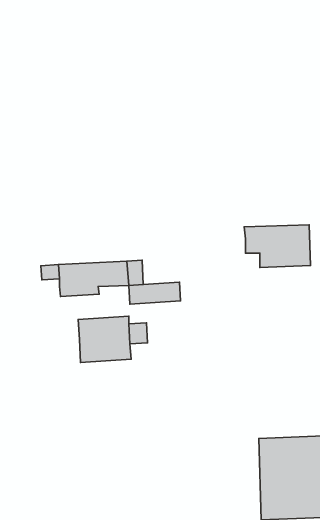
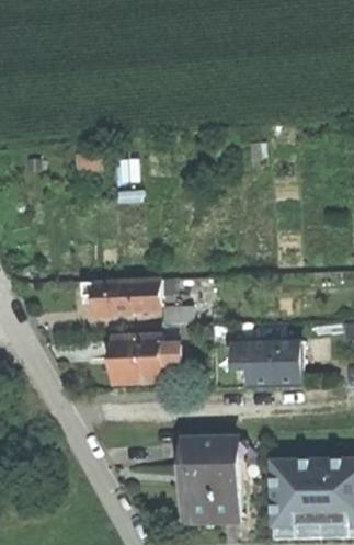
building: [244,225,310,268] -> [226,339,292,382]
building: none -> [178,439,236,520]

